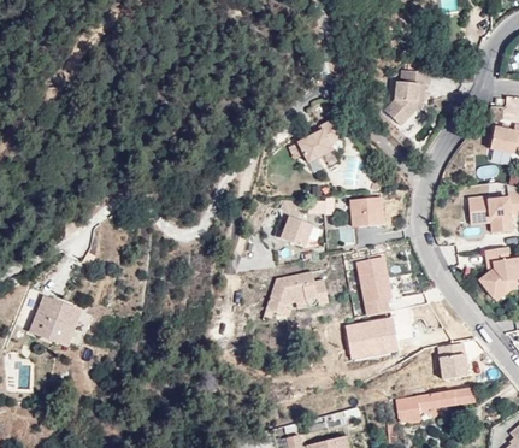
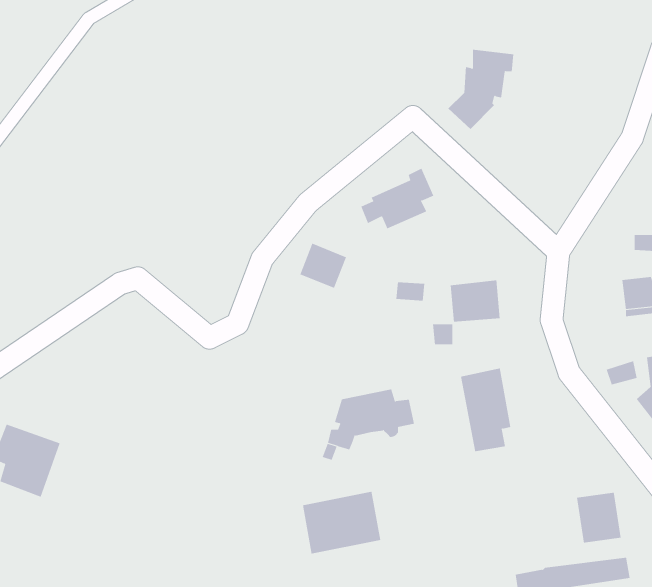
building: [385,70,431,125] -> [448,49,514,130]
building: [279,216,312,247] -> [299,243,347,289]
building: [343,317,397,360] -> [302,491,381,554]

